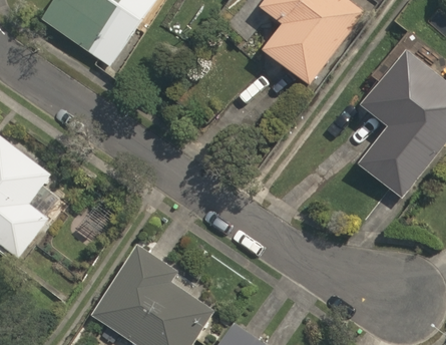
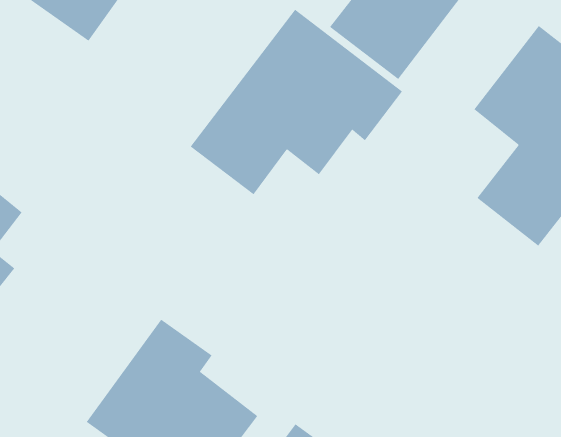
building: none -> [190,9,403,195]

